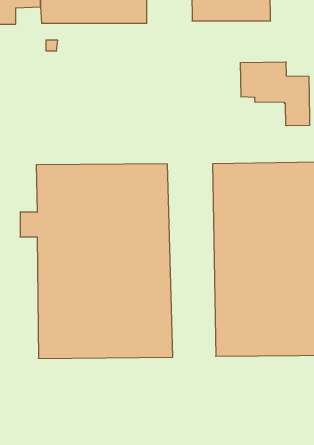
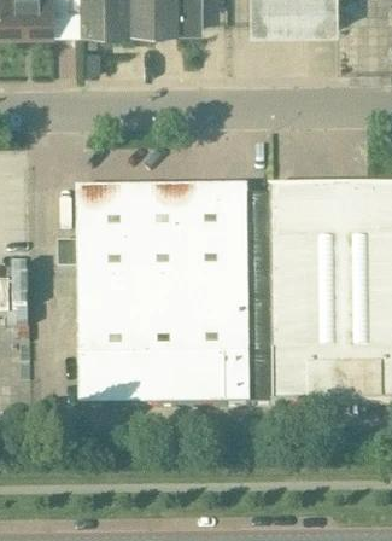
building: [241,62,310,126] -> none
building: none -> [223,185,277,403]

